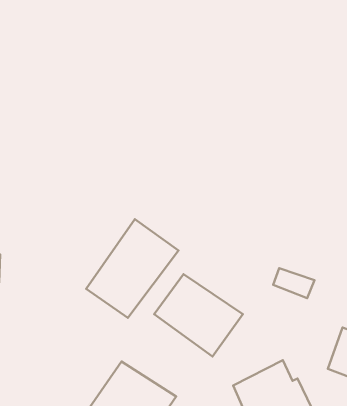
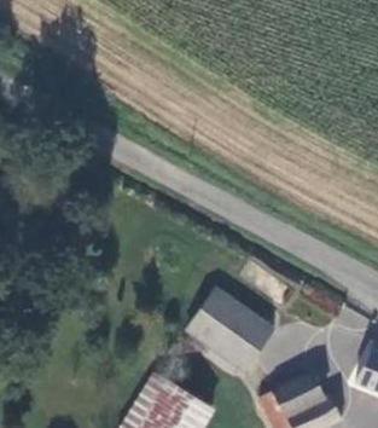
building: [86,219,179,318] -> none

